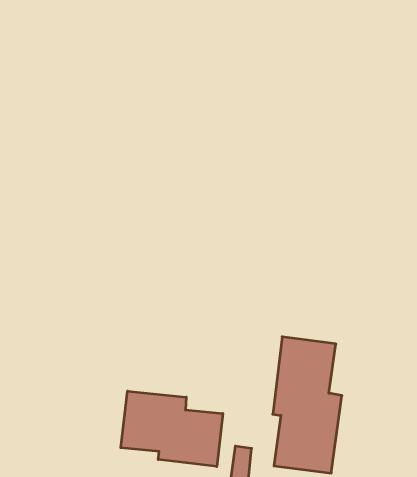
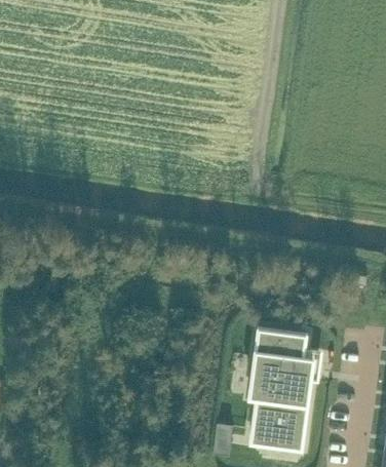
building: [121,391,223,467] -> none

